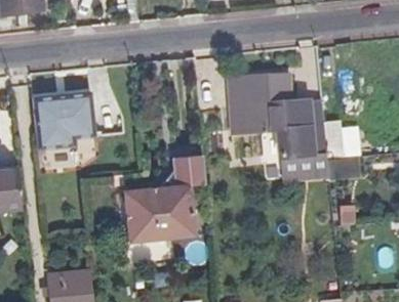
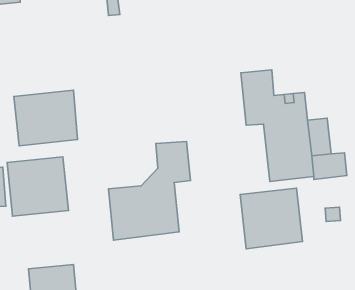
building: [233,77,265,132] -> none
building: none -> [7,157,68,216]
building: none -> [240,188,302,249]

